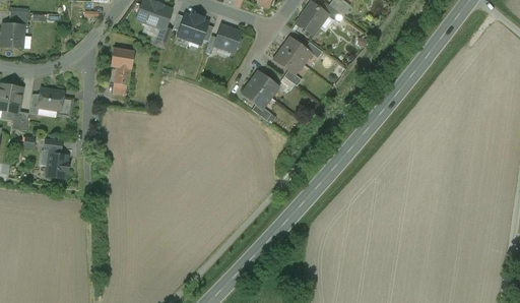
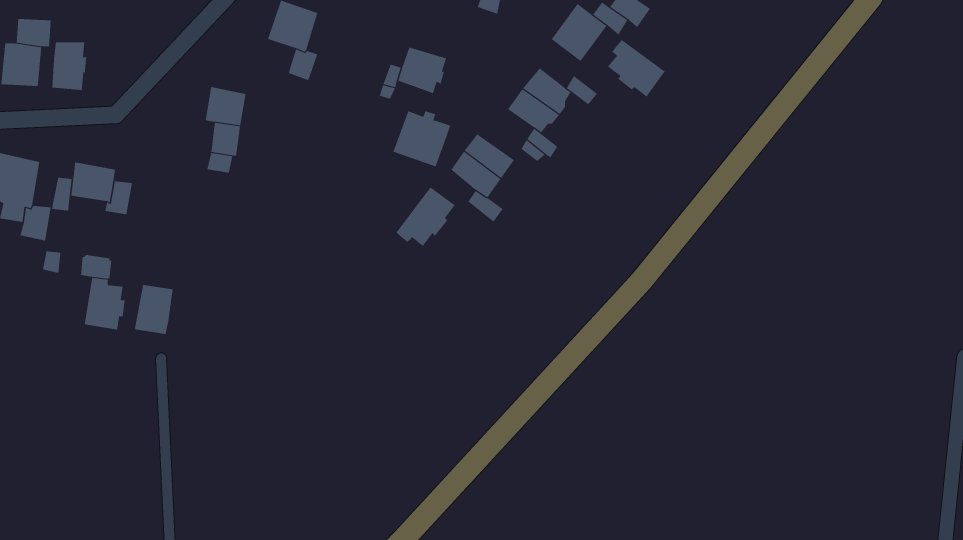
building: [177,13,208,44] -> [393,110,451,167]
building: none -> [607,39,665,97]
building: none -> [52,41,87,91]
building: none -> [396,186,456,247]
building: none -> [134,284,173,335]

